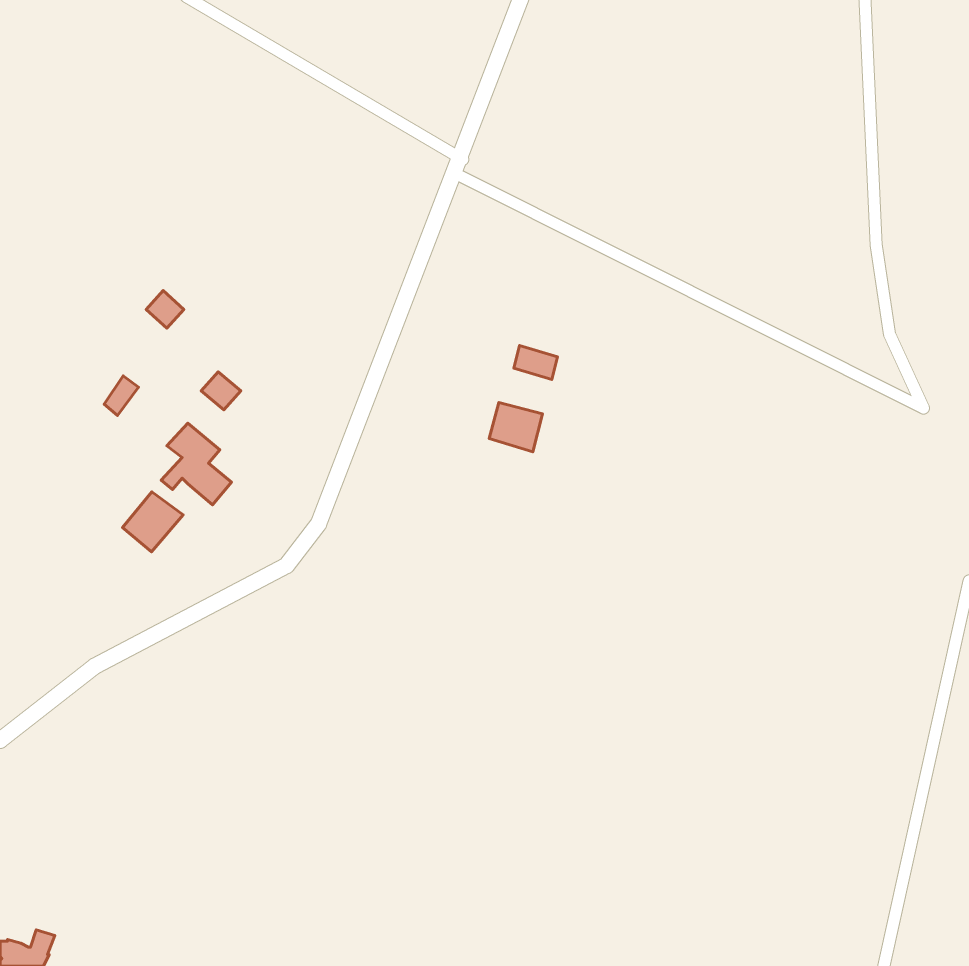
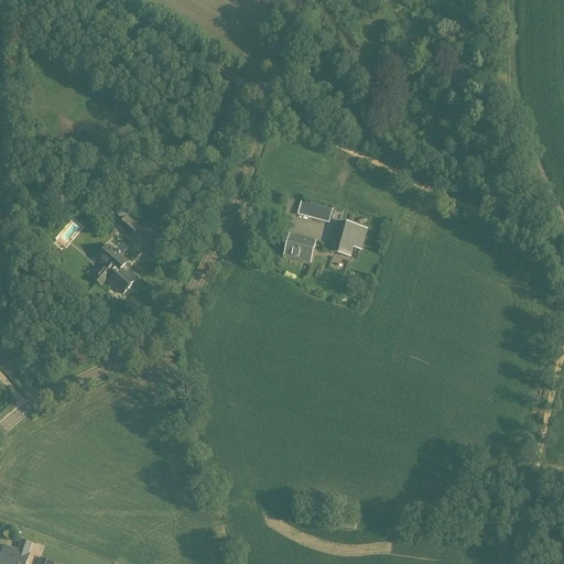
building: none -> [328,220,360,258]
building: [122,492,183,552] -> none

